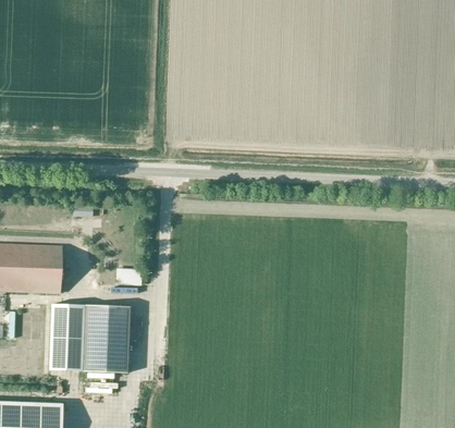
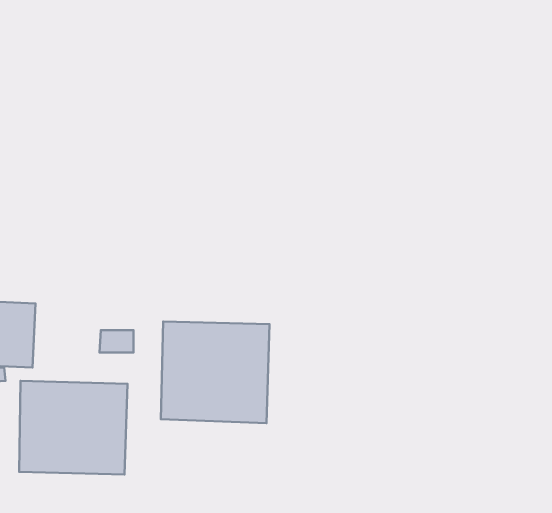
building: none -> [161,322,269,423]

